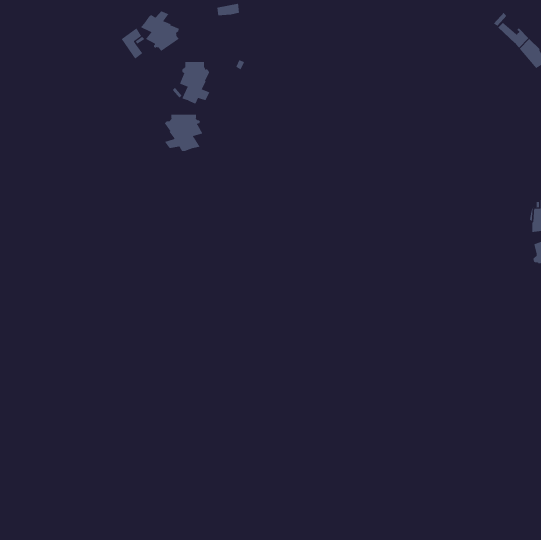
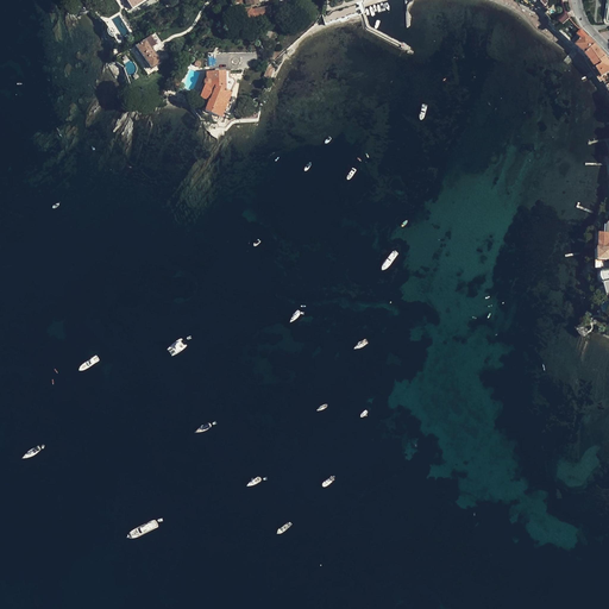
building: [140,11,179,52] -> none
building: [164,114,203,152] -> none

